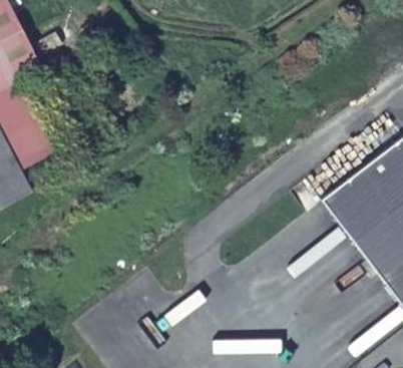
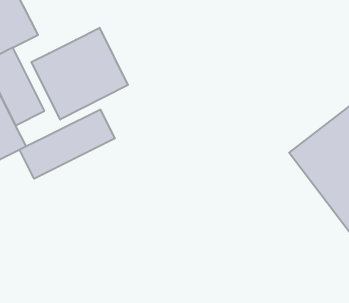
building: none -> [31,28,128,120]
building: none -> [20,109,115,179]

